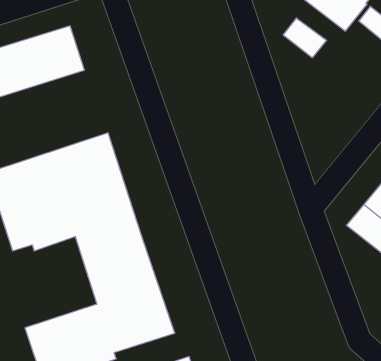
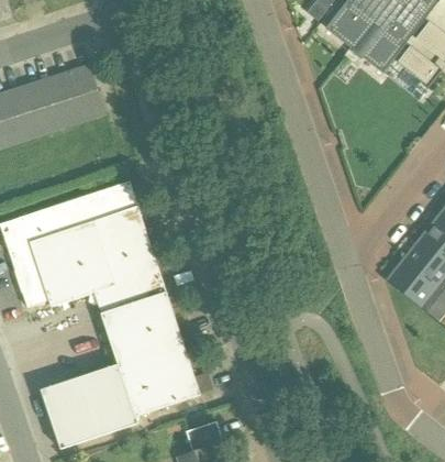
building: [283,18,327,58] -> none

